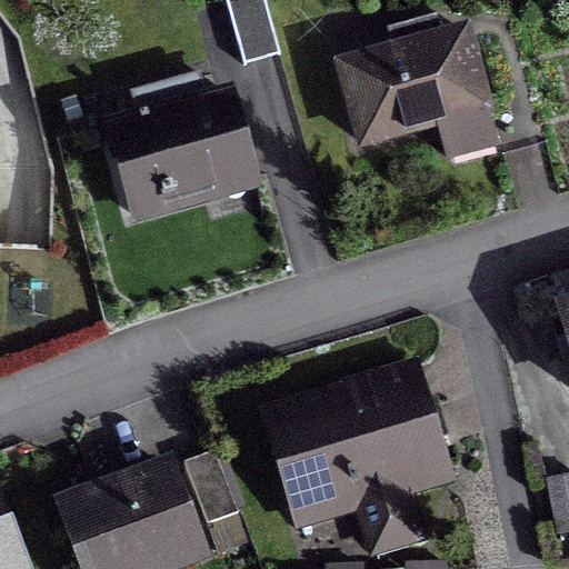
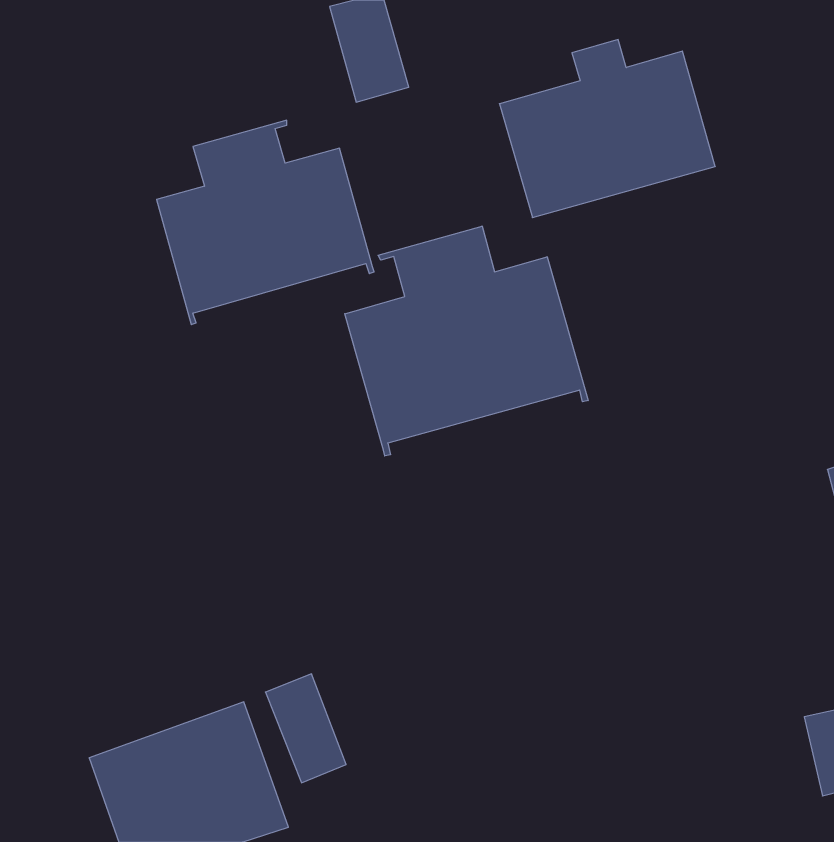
building: none -> [345,226,588,456]
building: [269,371,448,552] -> none

